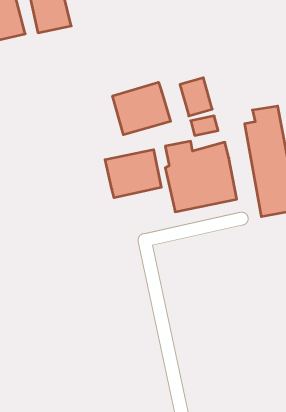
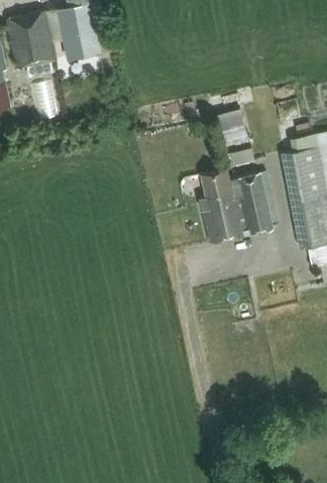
building: [113,82,171,135] -> none
building: [105,150,161,198] -> none

